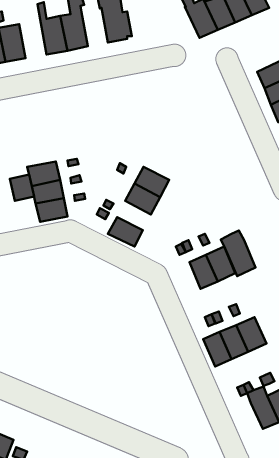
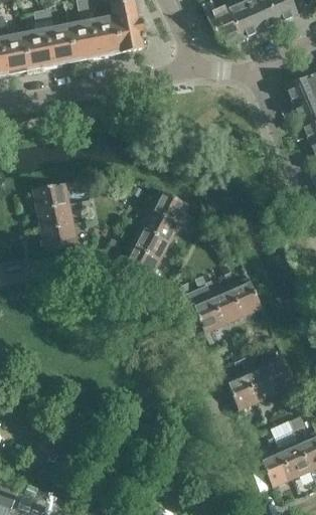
building: none -> [24,10,54,69]
building: none -> [93,14,122,56]
building: [10,175,34,201] -> none
building: none -> [132,226,169,259]
building: [221,230,255,276] -> none
building: none -> [192,294,223,331]
building: none -> [260,449,292,486]

